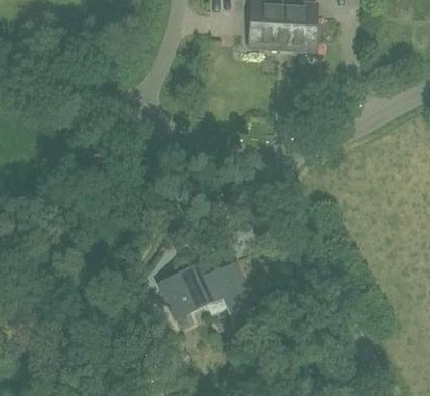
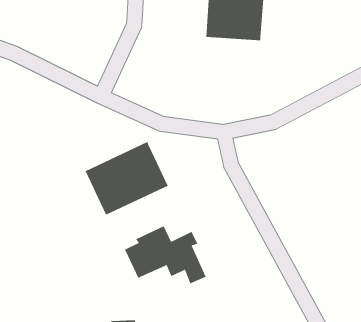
building: none -> [85,141,169,216]

